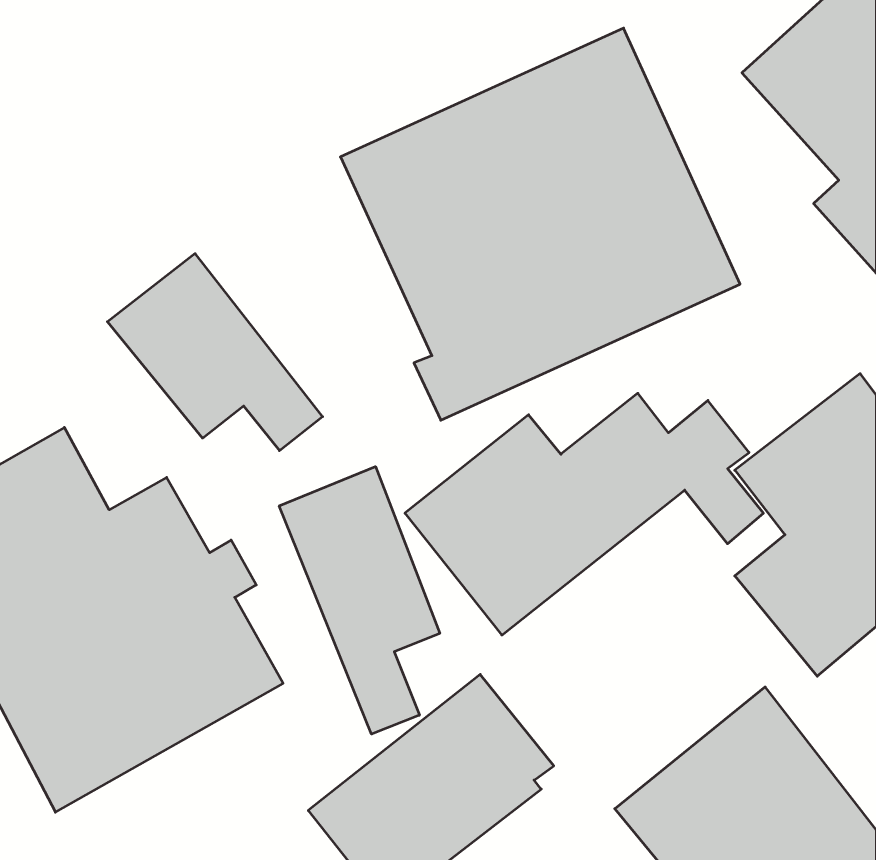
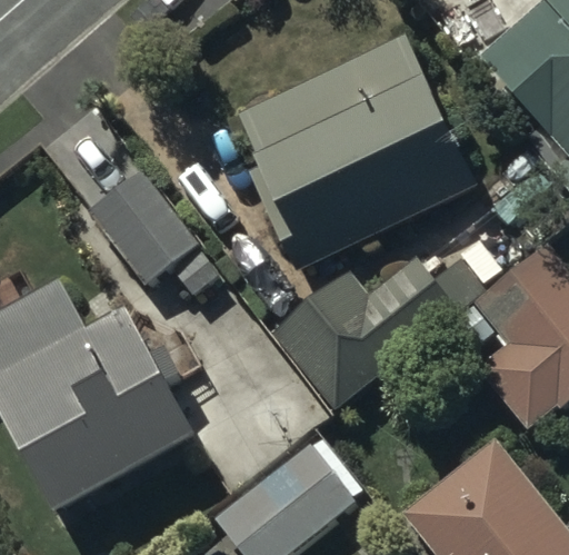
building: [279,467,440,734] -> none

